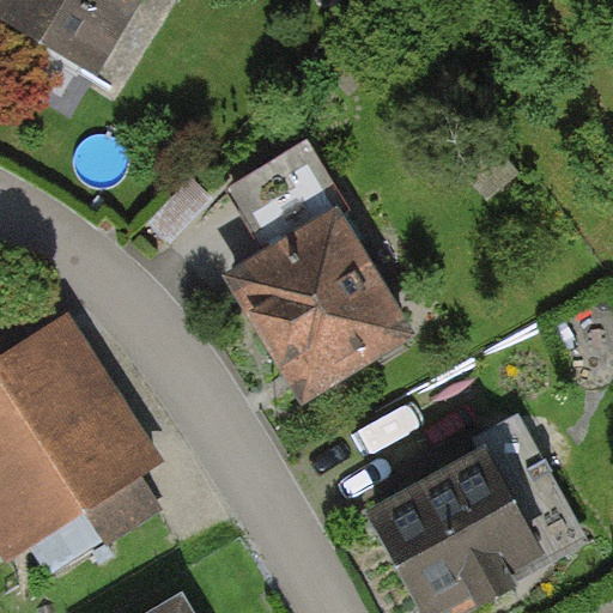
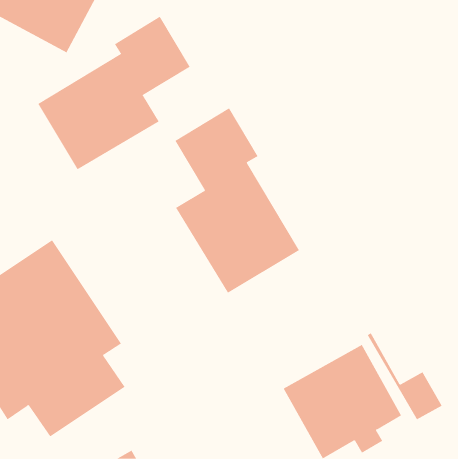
building: none -> [37,16,190,170]

